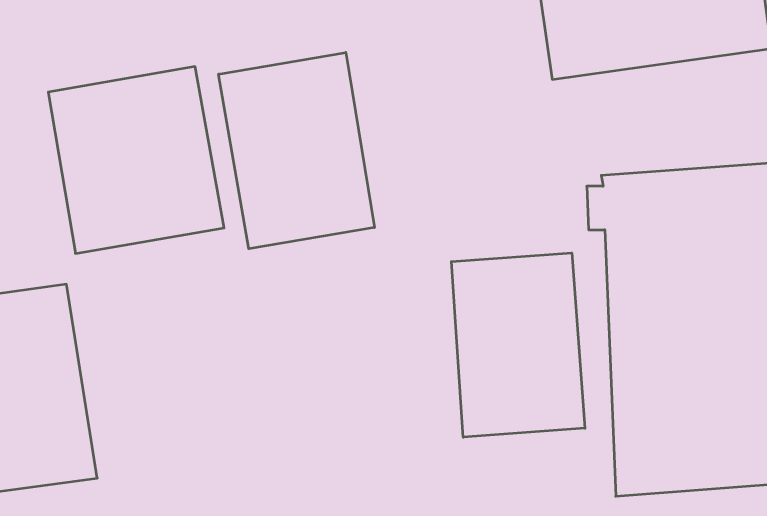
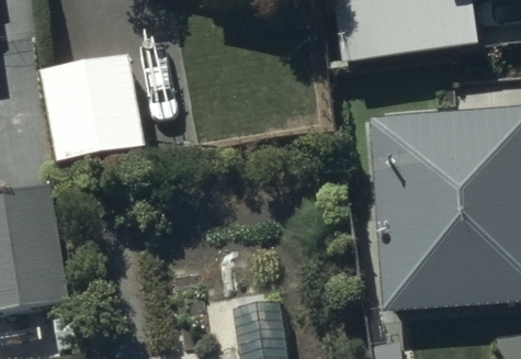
building: [219,52,374,249] -> none
building: [451,253,585,437] -> none

